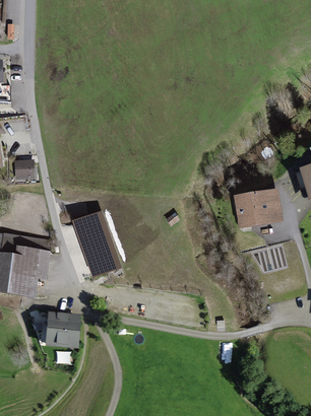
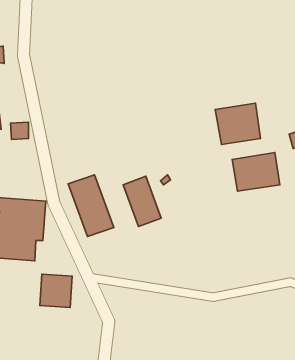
building: none -> [215,103,261,145]
building: none -> [123,176,161,227]

